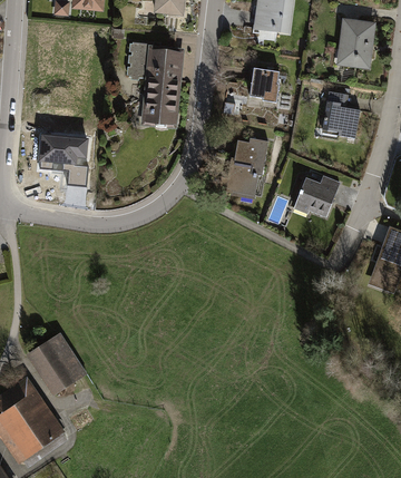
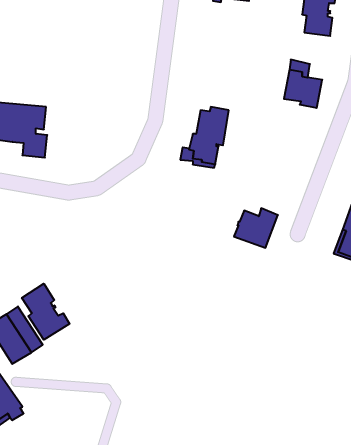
building: [129,41,179,127] -> none
building: [250,68,278,103] -> none
building: [295,176,339,215] -> [234,208,278,248]
building: none -> [22,284,70,340]

